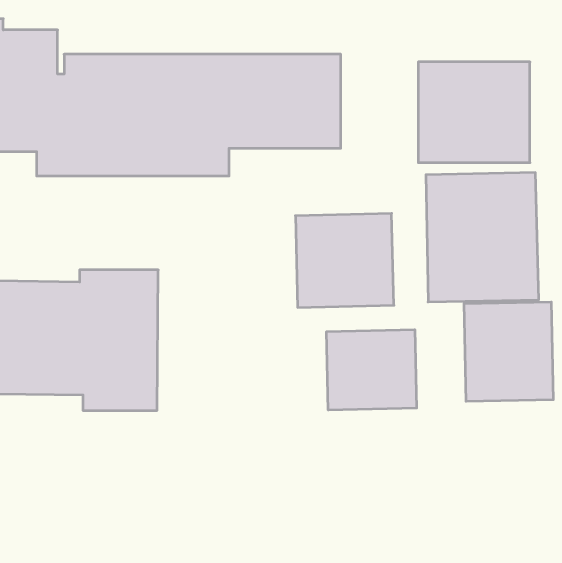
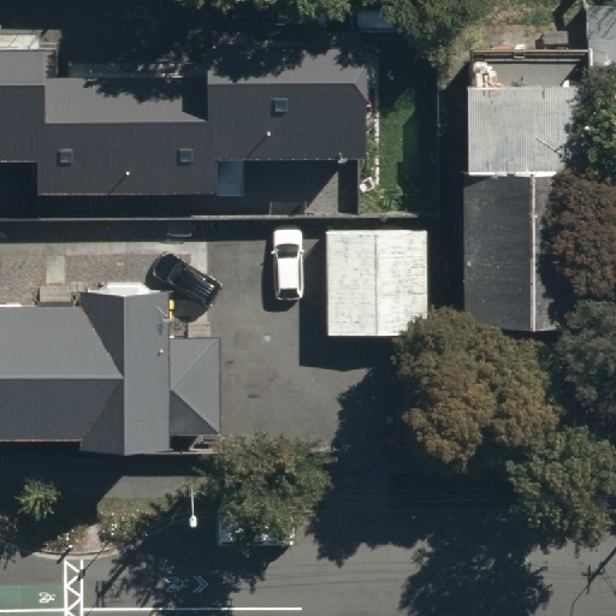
building: [464,302,553,401] -> none
building: [327,330,417,410] -> none

